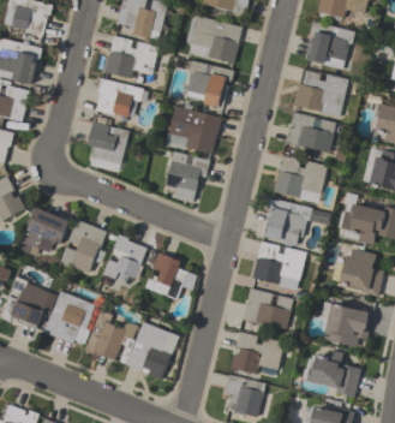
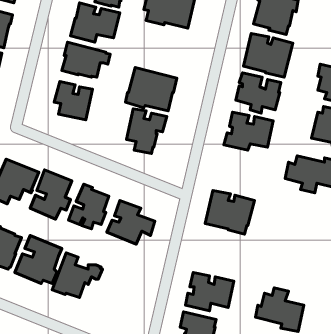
building: [185,60,233,107] -> none
building: [263,197,330,245] -> none
building: [340,249,384,296] -> none
building: [243,288,292,329] -> none
building: [325,303,373,346] -> none
building: [126,322,170,379] -> none

